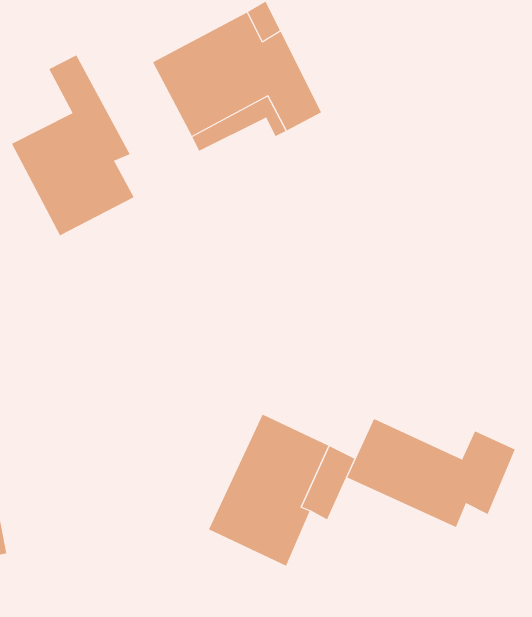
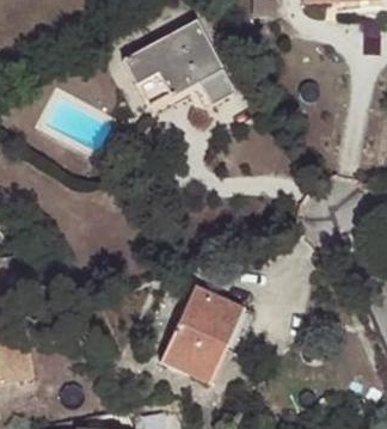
building: [11,54,134,236] -> none
building: [347,418,516,528] -> none

